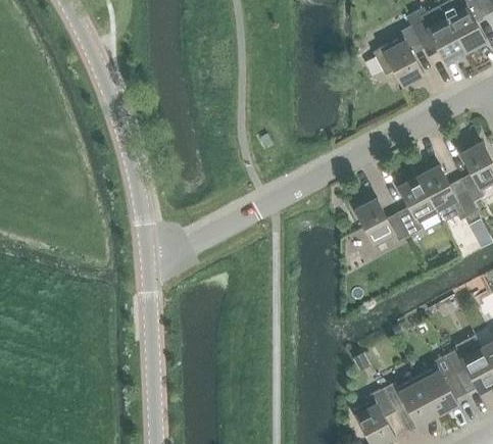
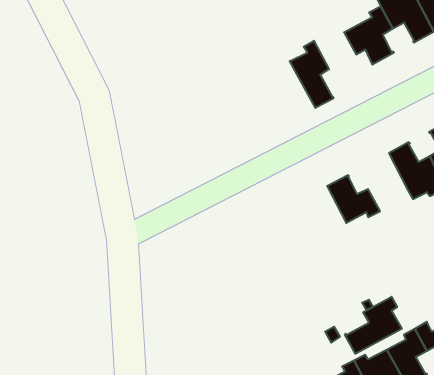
building: none -> [290,41,333,108]
building: [398,176,439,235] -> none
building: none -> [345,297,402,354]

